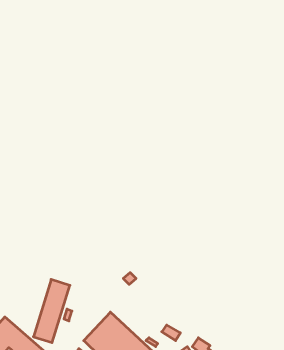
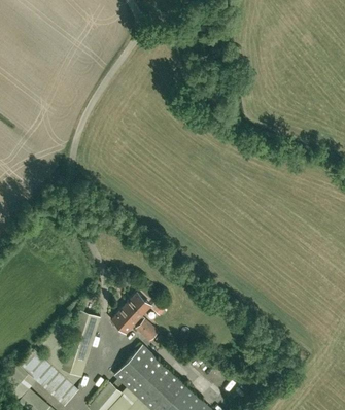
building: none -> [111,292,159,340]

